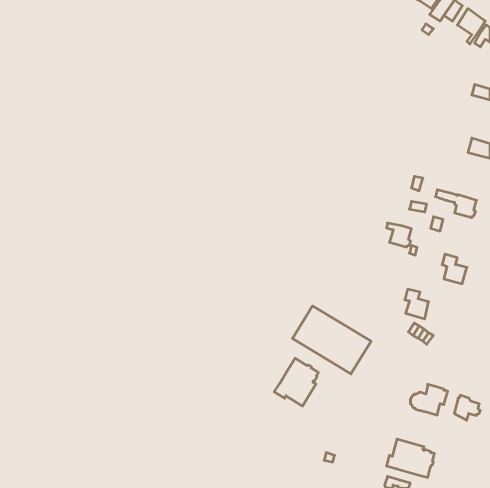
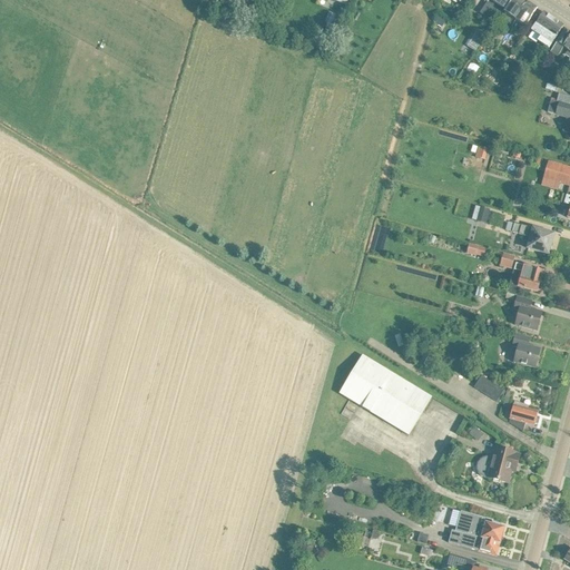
building: [387,223,411,247] -> [514,263,543,291]
building: [405,289,429,319] -> [512,333,540,367]
building: [274,358,318,406] -> none
building: [454,395,480,420] -> [509,401,539,430]

